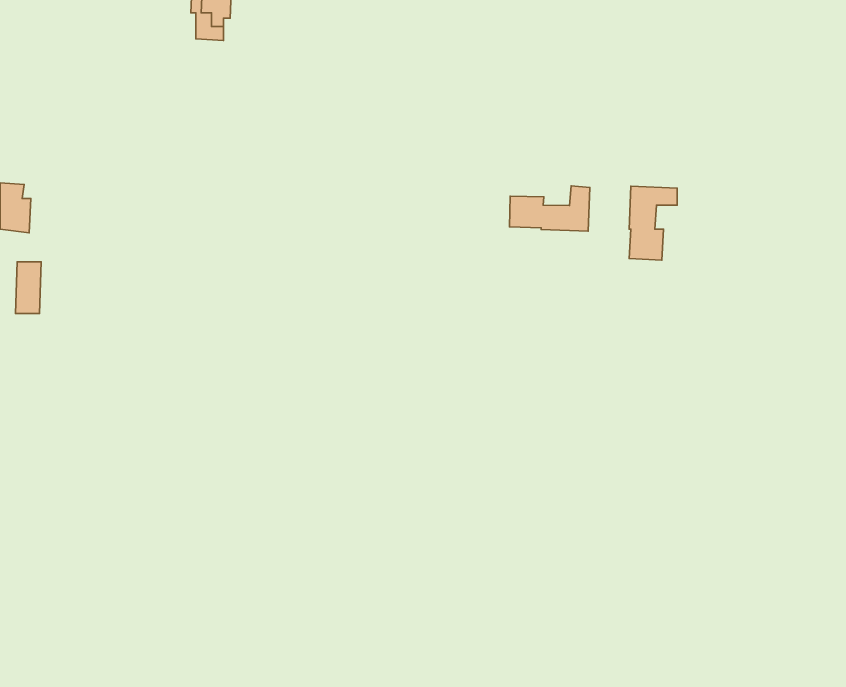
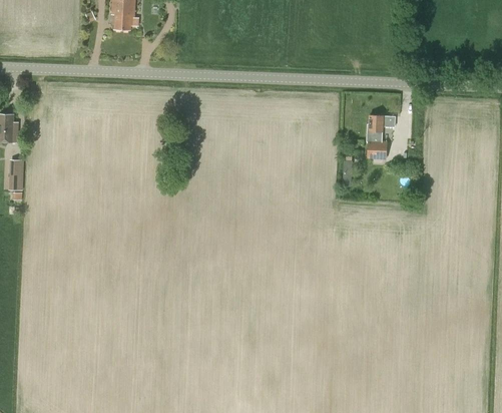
building: [509,186,590,231] -> none

